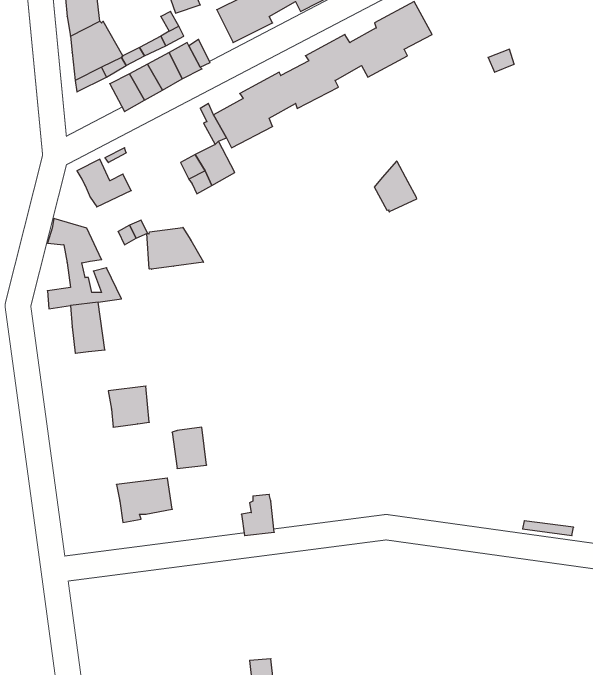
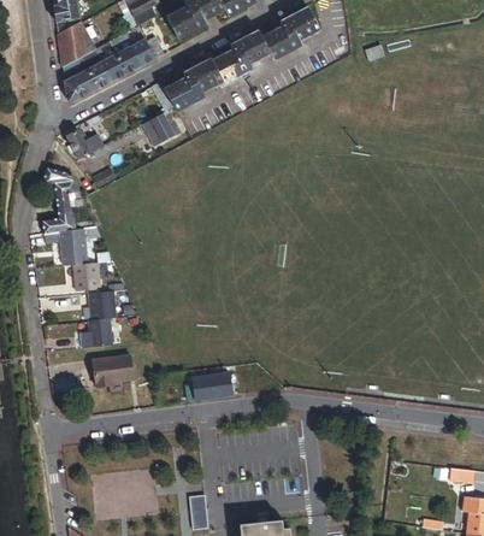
building: none -> [64,69,98,101]
building: [375,161,417,212] -> none
building: [147,227,203,269] -> none
building: none -> [71,263,98,291]
building: [172,427,207,468] -> [85,318,111,348]
building: none -> [205,372,231,397]

